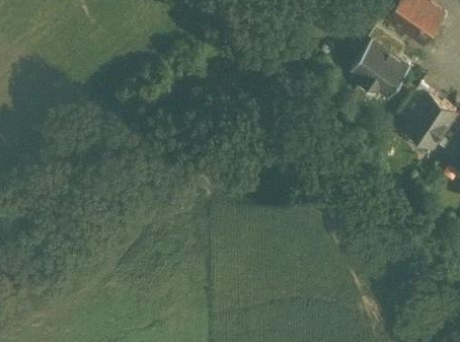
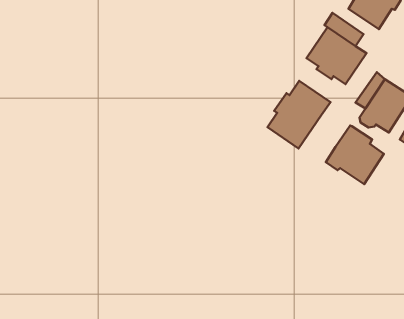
building: none -> [267,81,330,148]
building: none -> [326,125,384,184]

